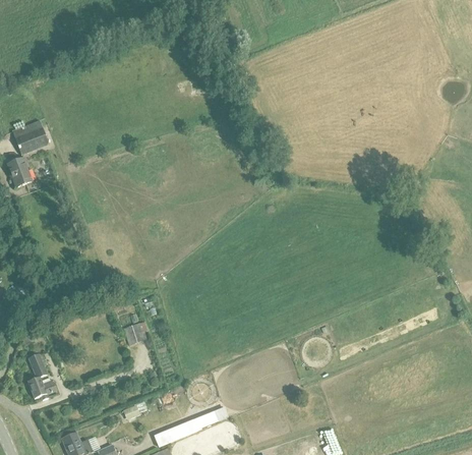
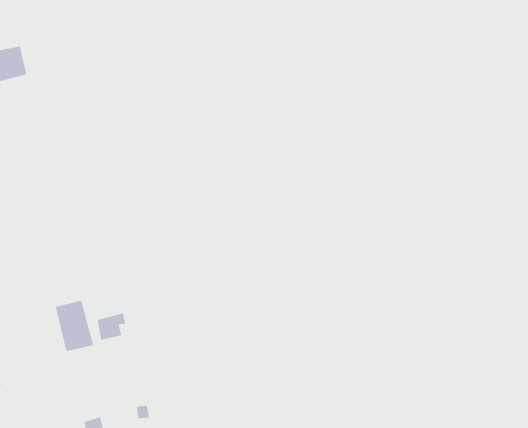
building: none -> [55,300,94,352]

